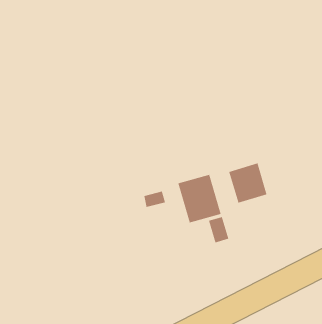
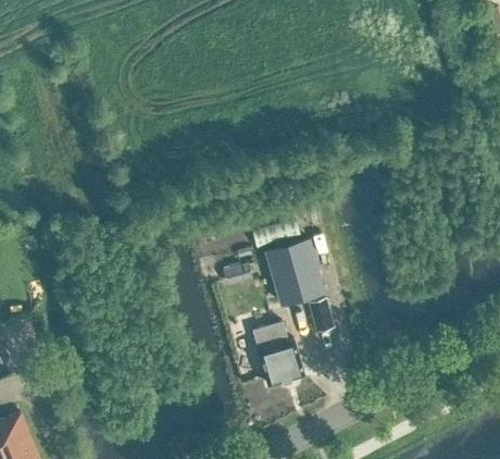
building: [229,163,267,204] -> none
building: none -> [251,321,304,385]

